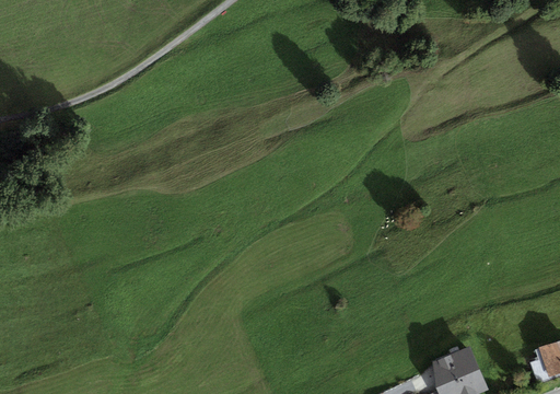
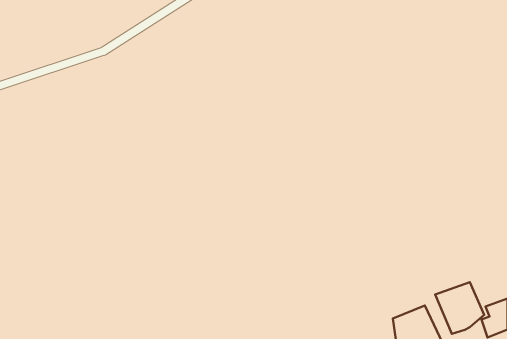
building: none -> [435,282,484,334]

